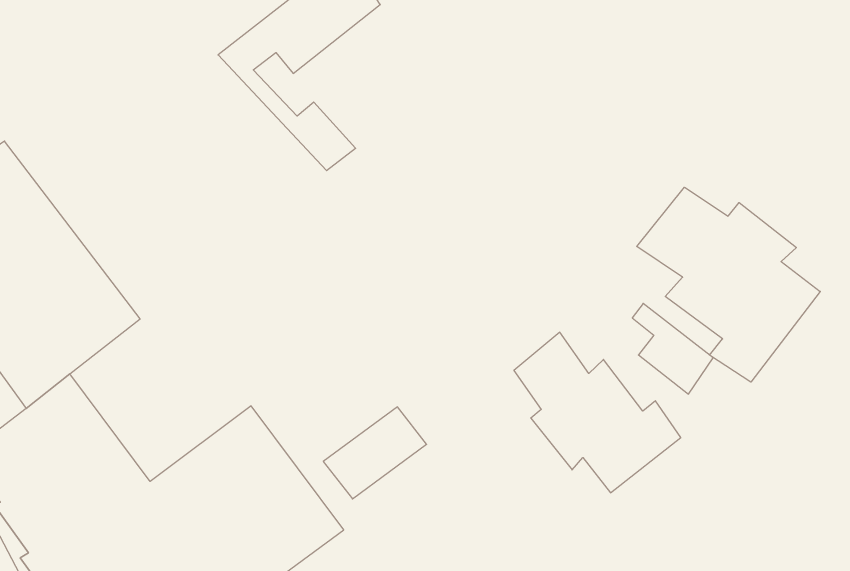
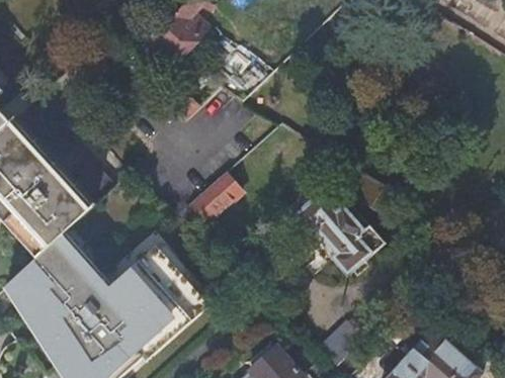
building: [637,187,820,382] -> none
building: [323,407,427,499] -> [182,178,236,228]

